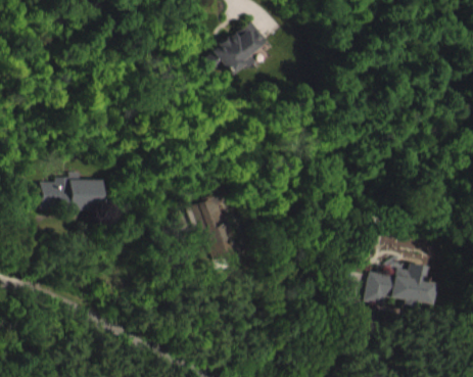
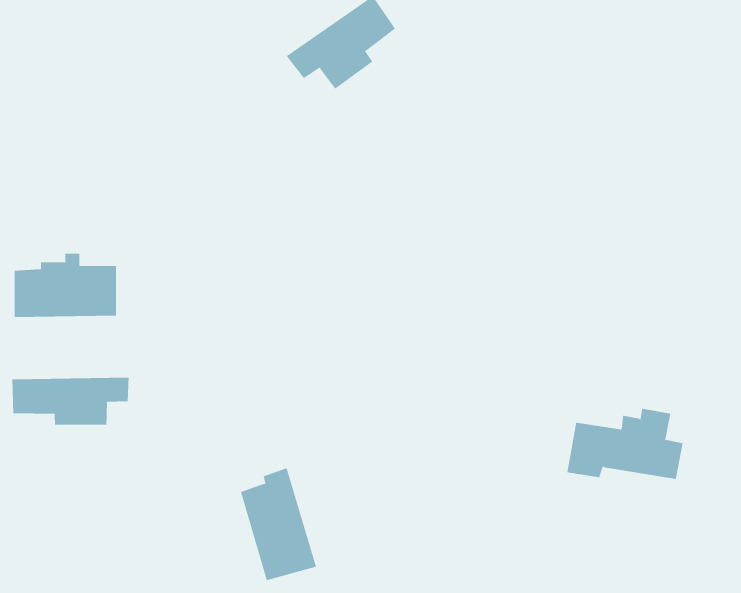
building: [193,190,238,256] -> [240,468,317,581]
building: none -> [12,377,129,425]

